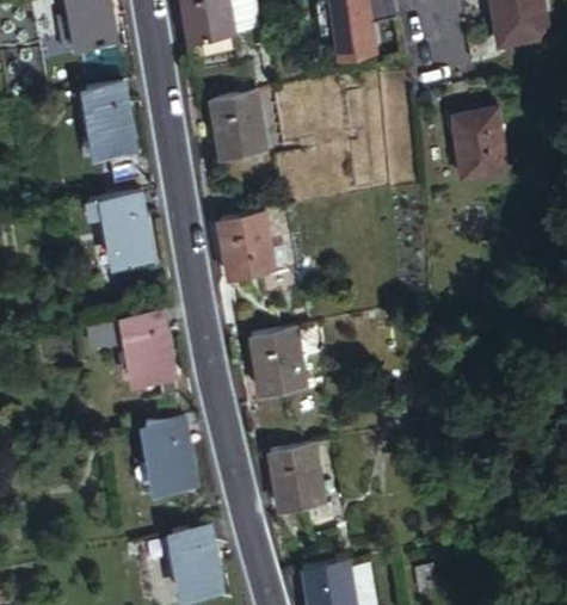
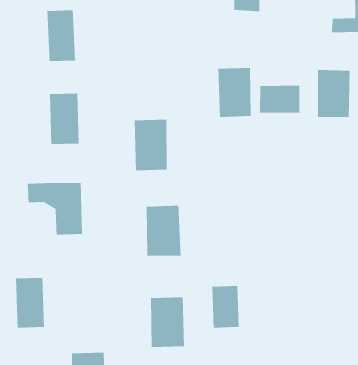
building: [210,88,264,161] -> [218,67,252,118]
building: none -> [259,85,300,114]
building: [144,416,192,489] -> [15,277,45,328]
building: none -> [212,285,239,329]

